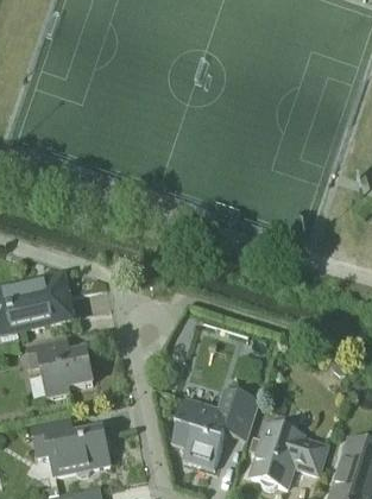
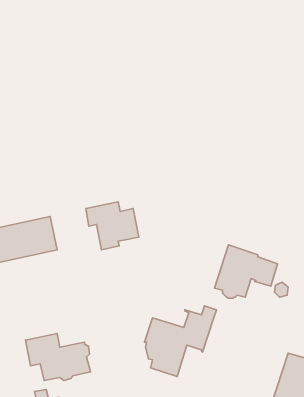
building: [29,337,93,396] -> [86,202,139,250]
building: [251,423,327,487] -> [215,245,278,298]

